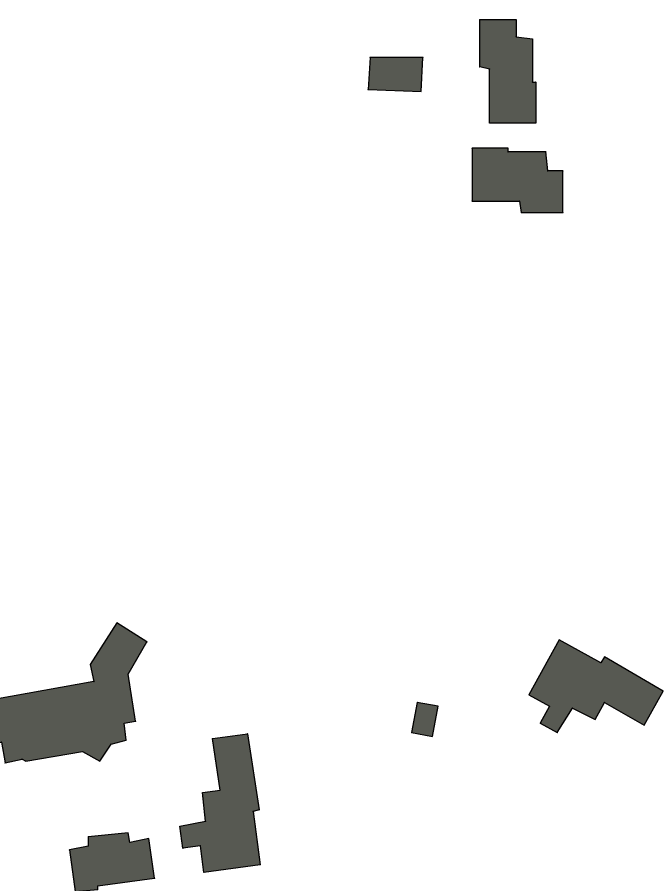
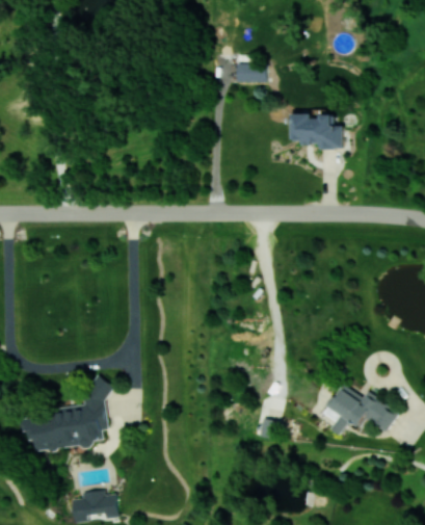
building: [480,20,536,123] -> none
building: [180,734,260,872] -> none

